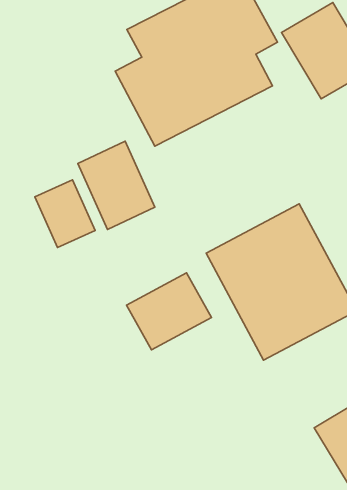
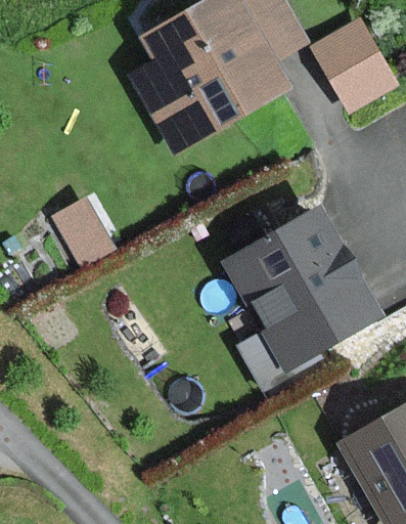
building: [78,141,155,230] -> none
building: [126,273,212,350] -> none

